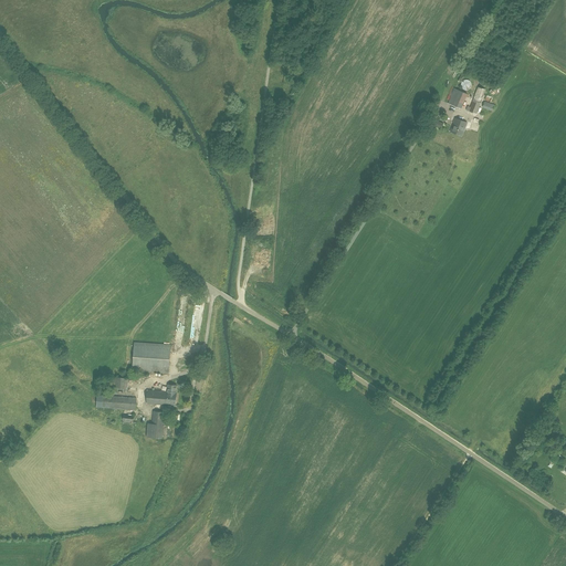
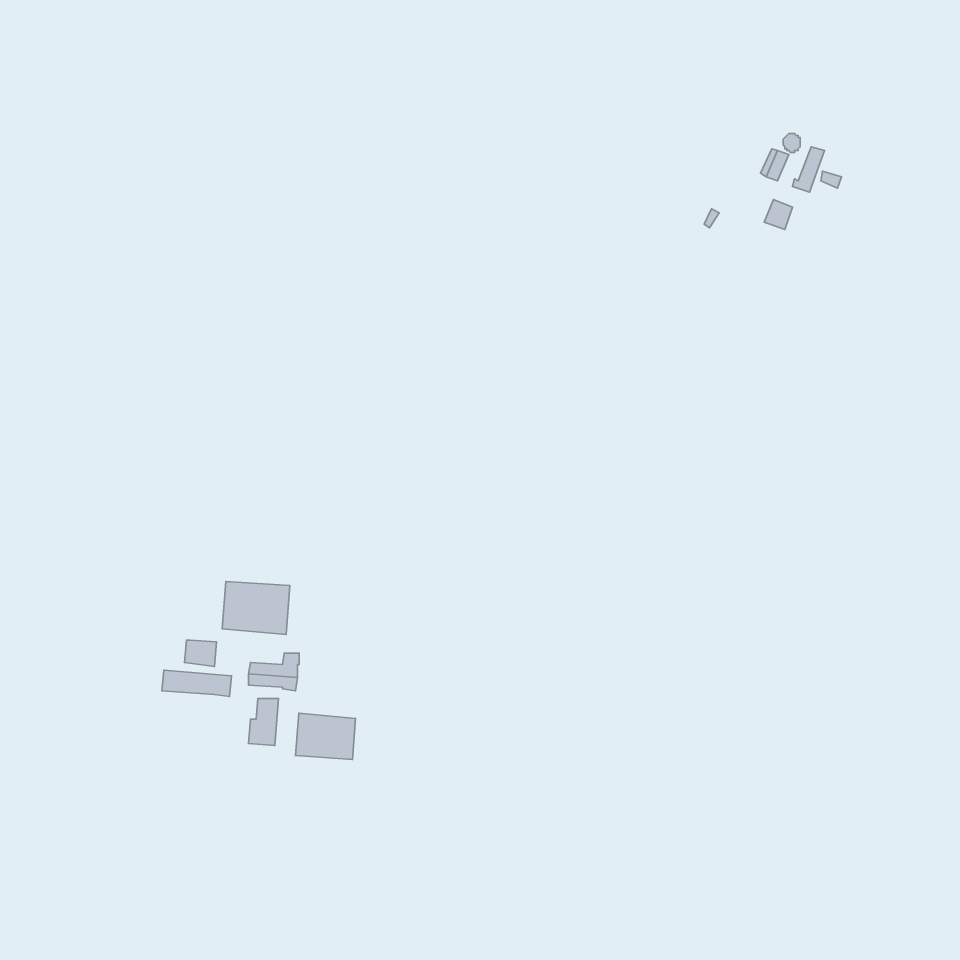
building: none -> [296,713,356,759]

